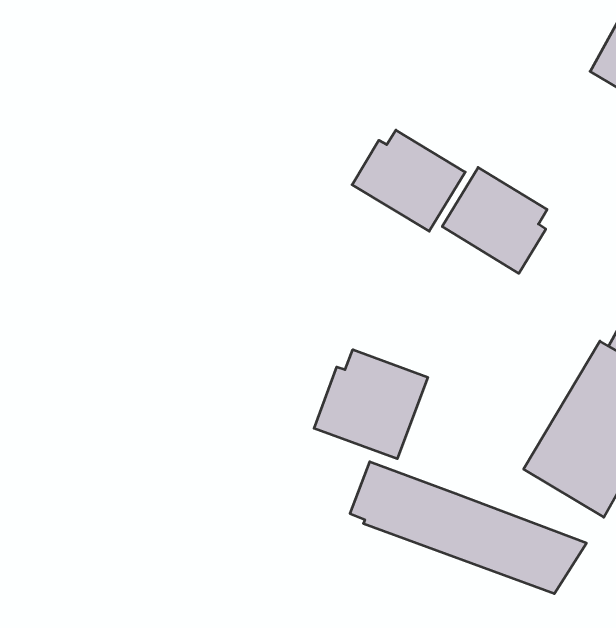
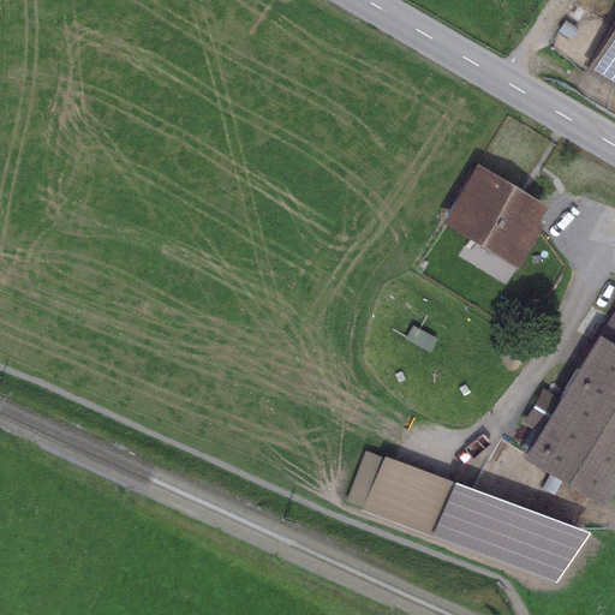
building: [352,130,465,231] -> none
building: [314,350,428,459] -> none

